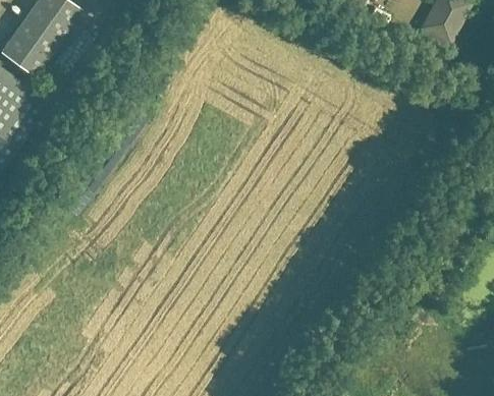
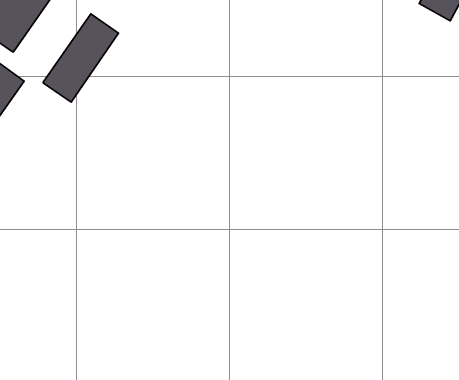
building: none -> [43,14,118,102]

